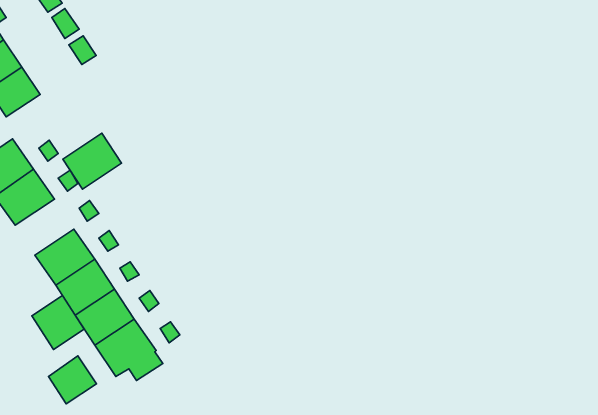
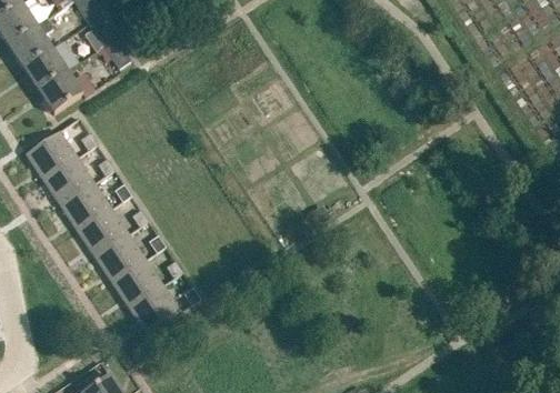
building: [63,133,122,189] -> [61,182,111,230]
building: [32,296,84,350] -> none
building: [49,356,97,404] -> none

